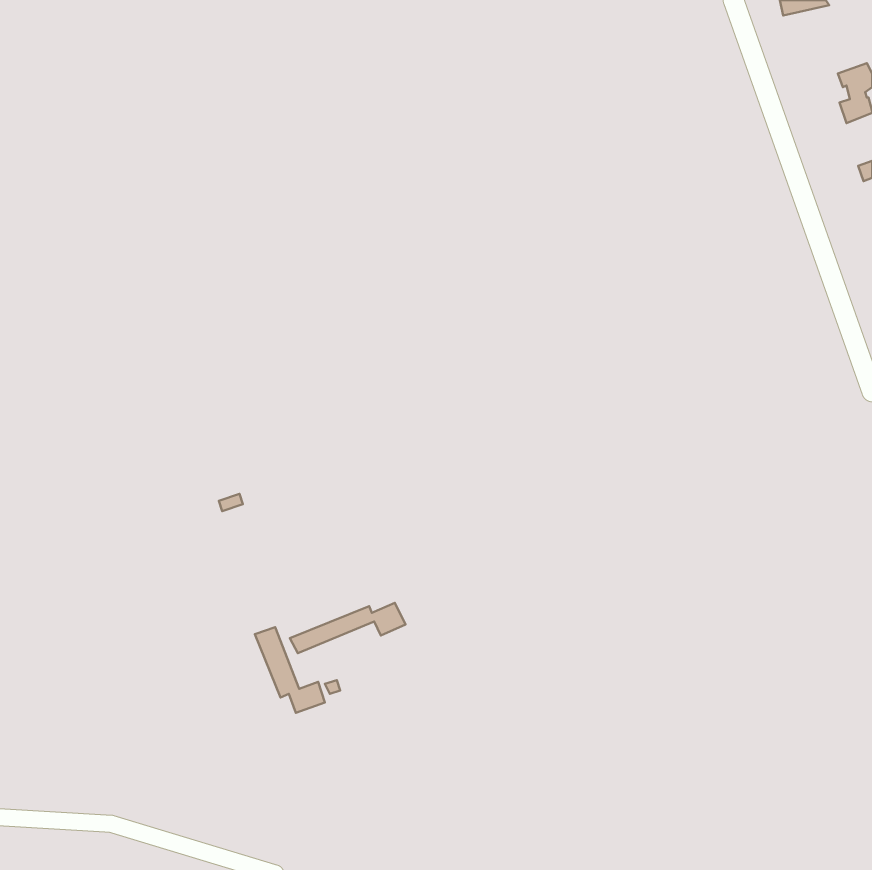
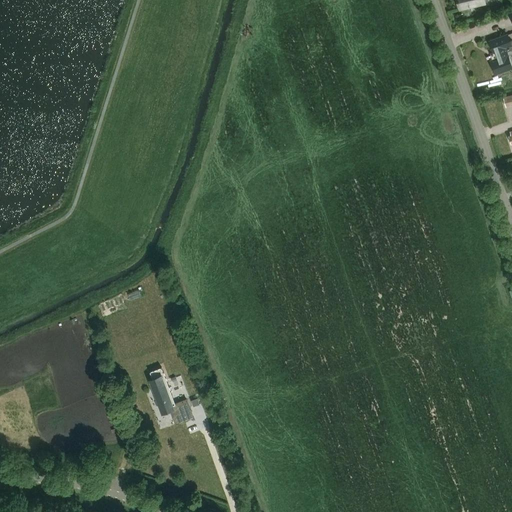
building: [290,603,405,653] -> none

